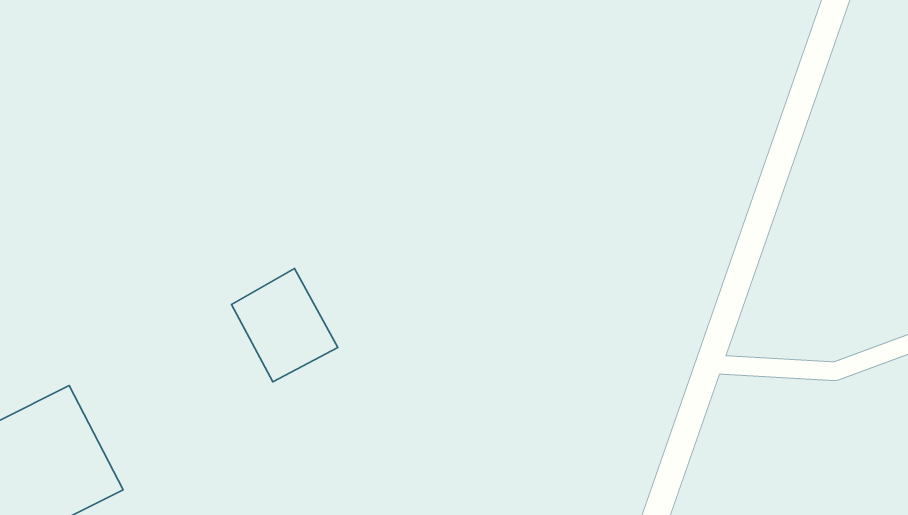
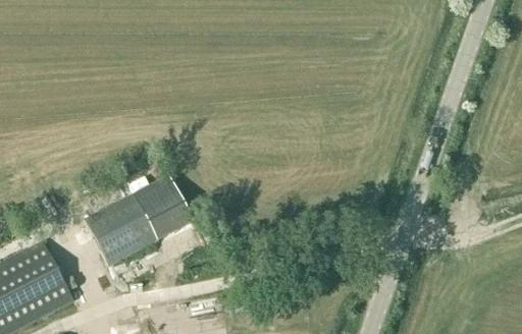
building: none -> [84,194,156,265]

